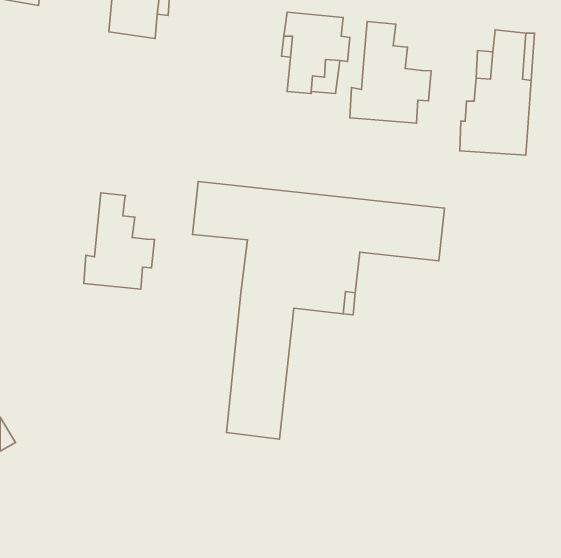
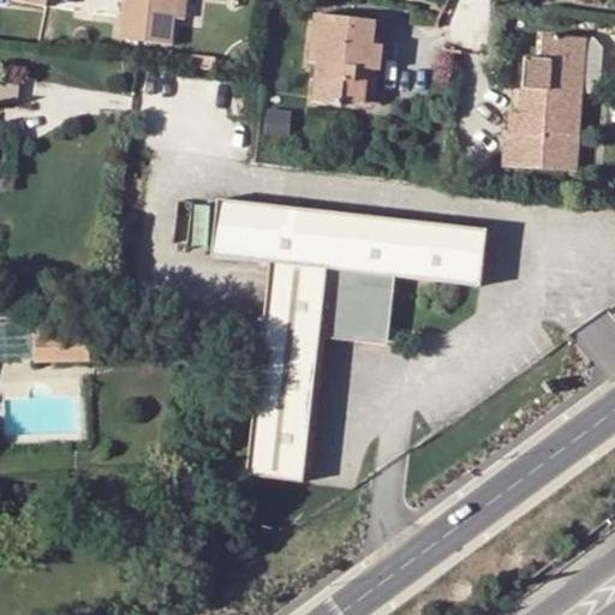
building: [350,21,431,123] -> none
building: [84,193,155,289] -> none

